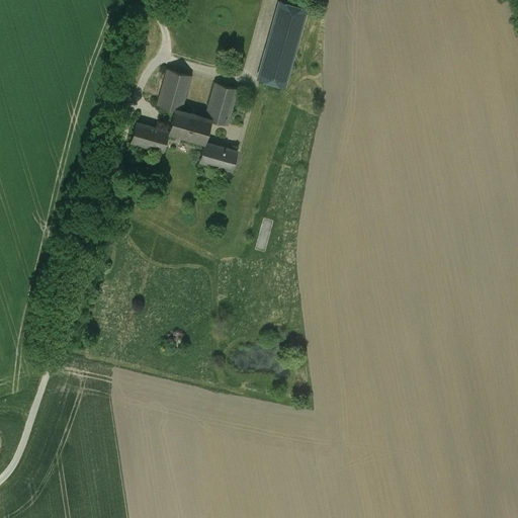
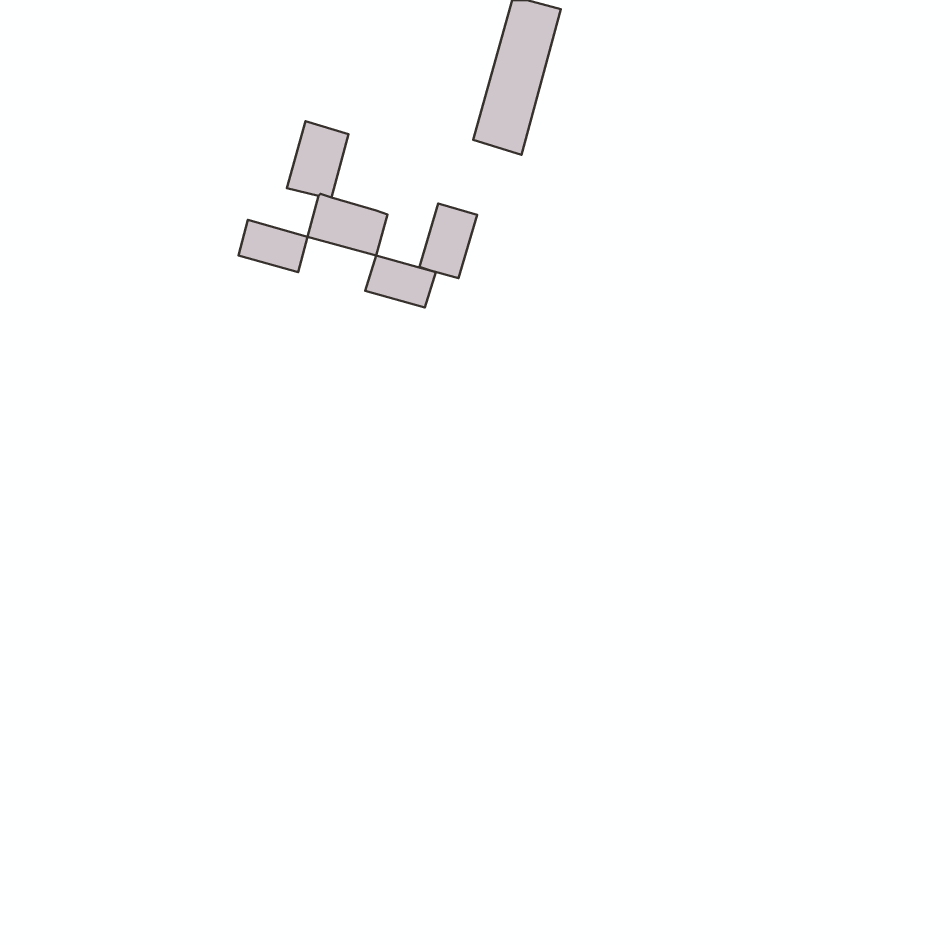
building: [205,84,237,124] -> [419,204,477,278]

